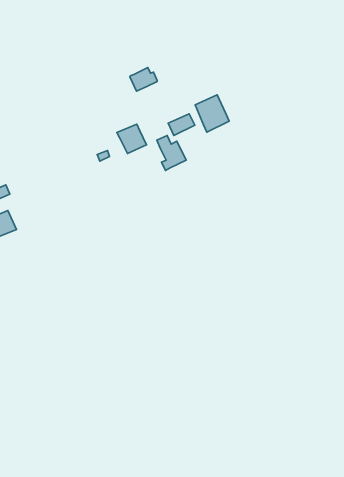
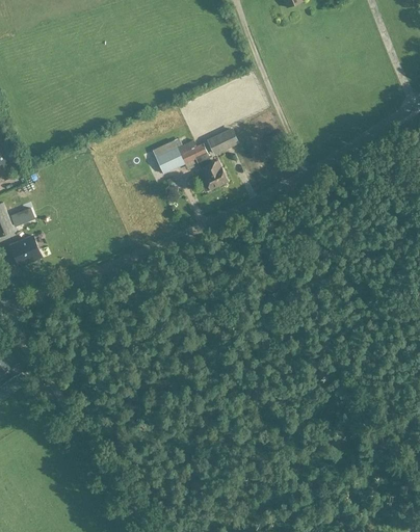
building: [130,67,157,91] -> [177,138,207,164]
building: [195,95,229,132] -> none

